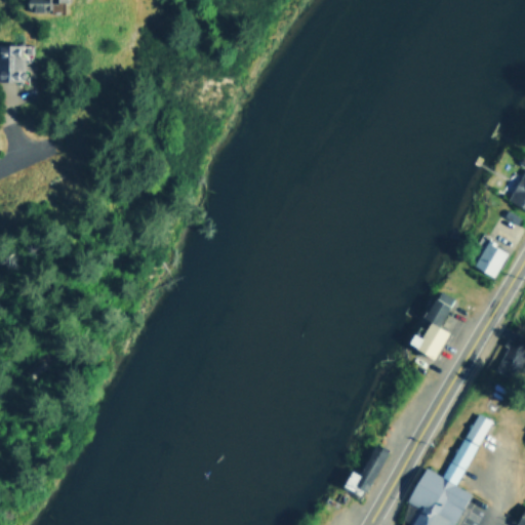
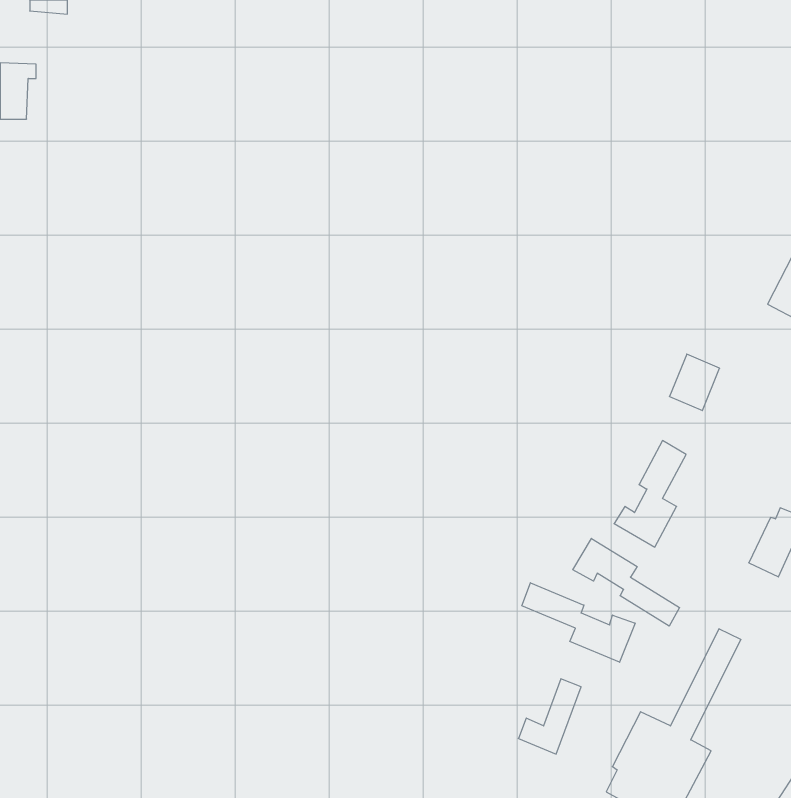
building: [476,241,509,278] -> [669,354,720,411]
building: none -> [573,538,680,626]
building: none -> [522,583,635,662]

